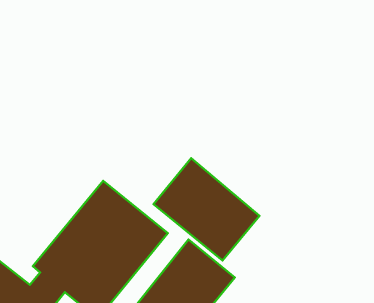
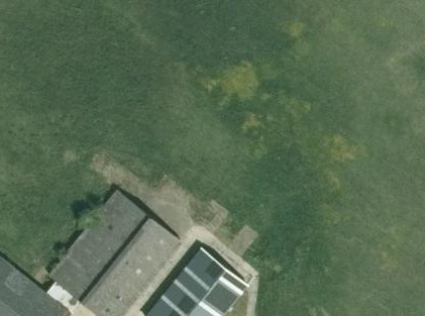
building: [154,158,259,261] -> none

